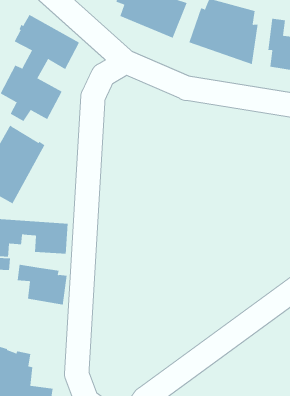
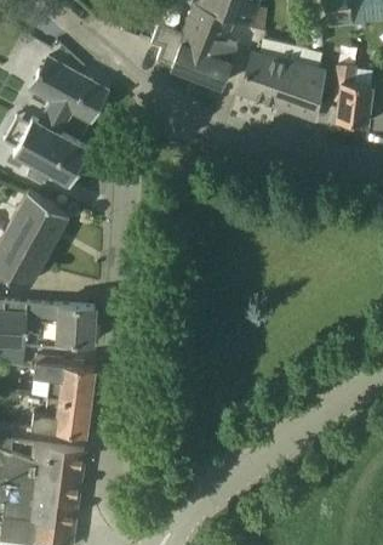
building: none -> [33,398,91,437]
building: none -> [24,444,85,505]

